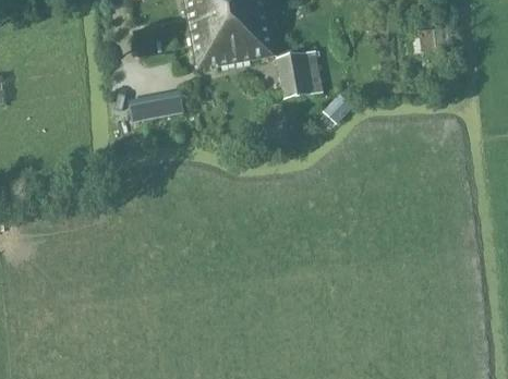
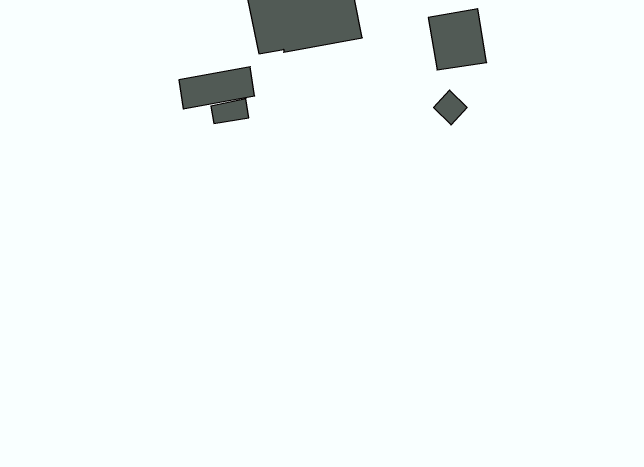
building: [278,50,322,96] -> [428,9,487,70]

